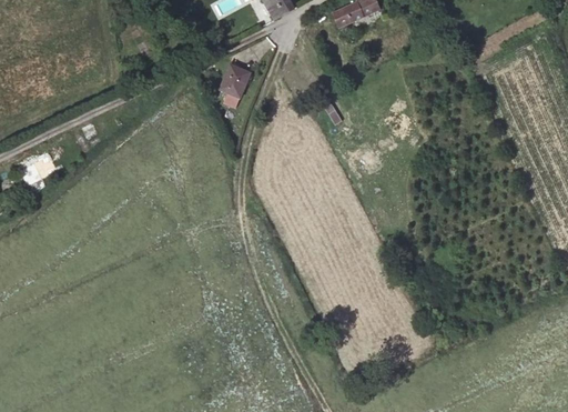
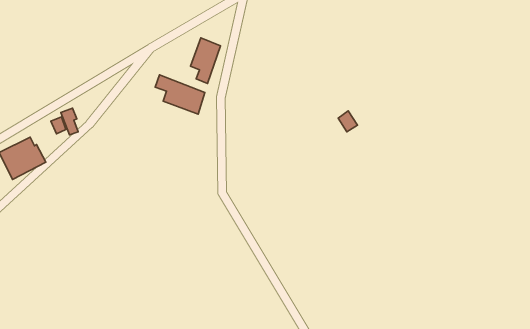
building: none -> [155,75,205,114]

